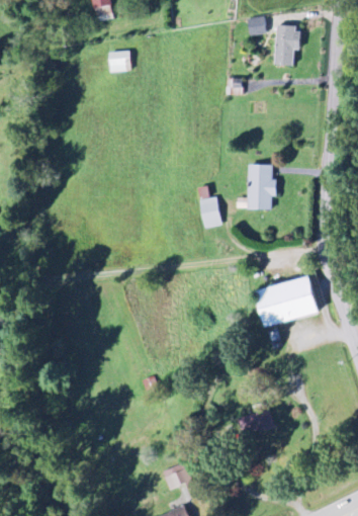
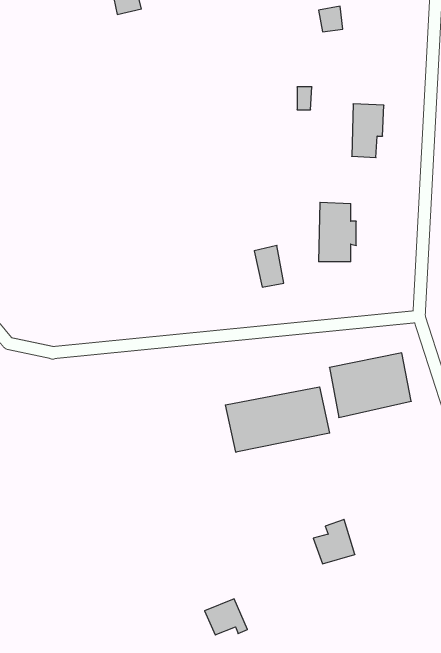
building: [274,24,298,65] -> [352,104,384,158]
building: [109,52,129,72] -> none
building: none -> [225,387,330,452]

